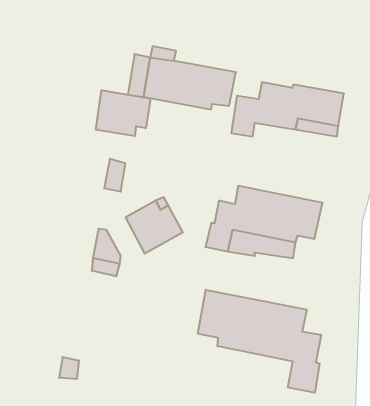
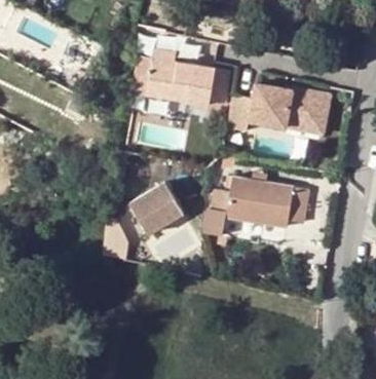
building: [96,90,151,136] -> none
building: [198,290,321,393] -> none

